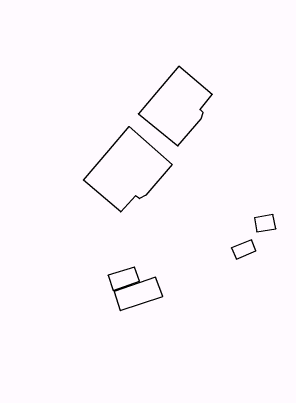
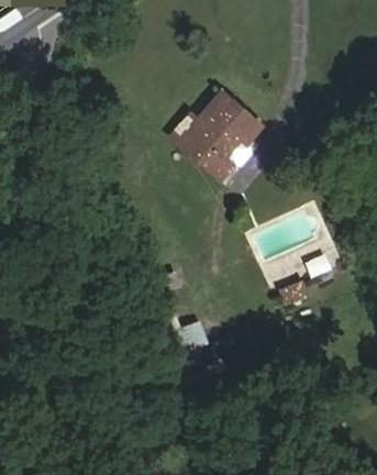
building: [83,127,172,212] -> none

